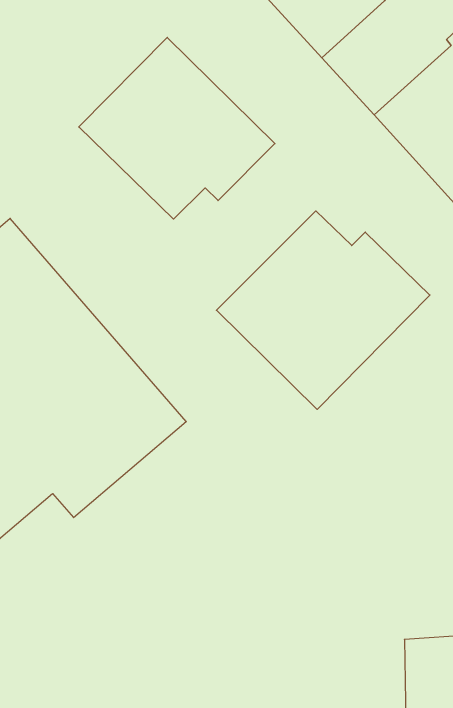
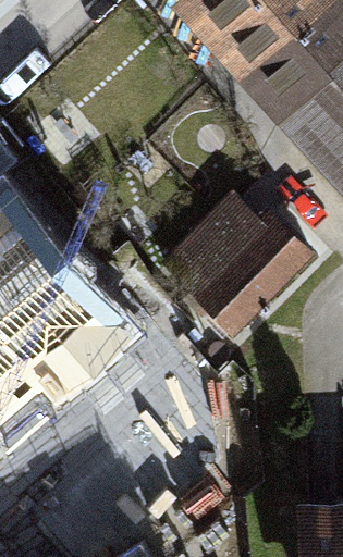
building: [79,37,275,219] -> none

